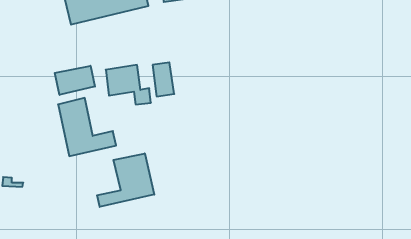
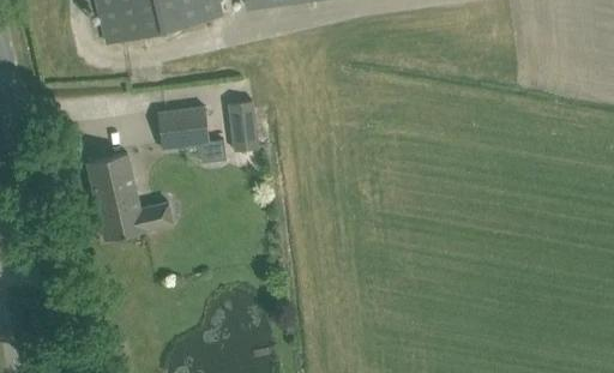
building: [55,66,95,95] -> none
building: [97,153,154,207] -> none

